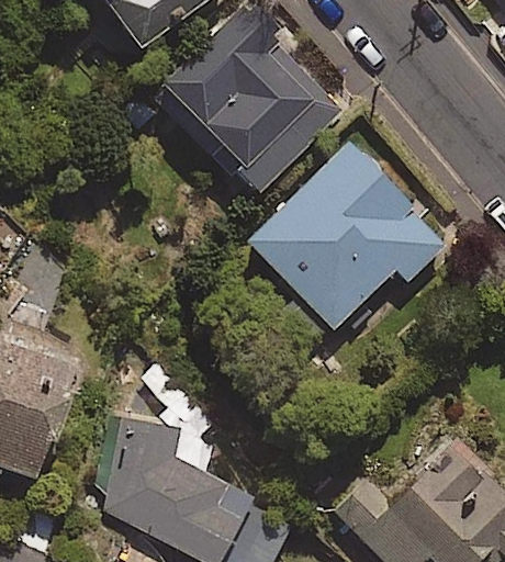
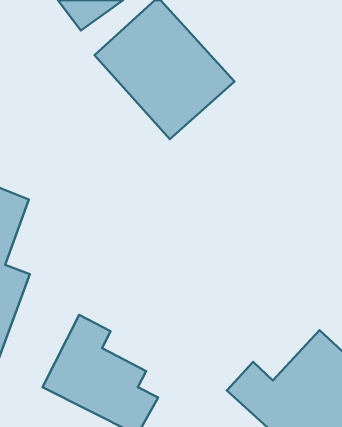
building: [247,142,447,327] -> none

